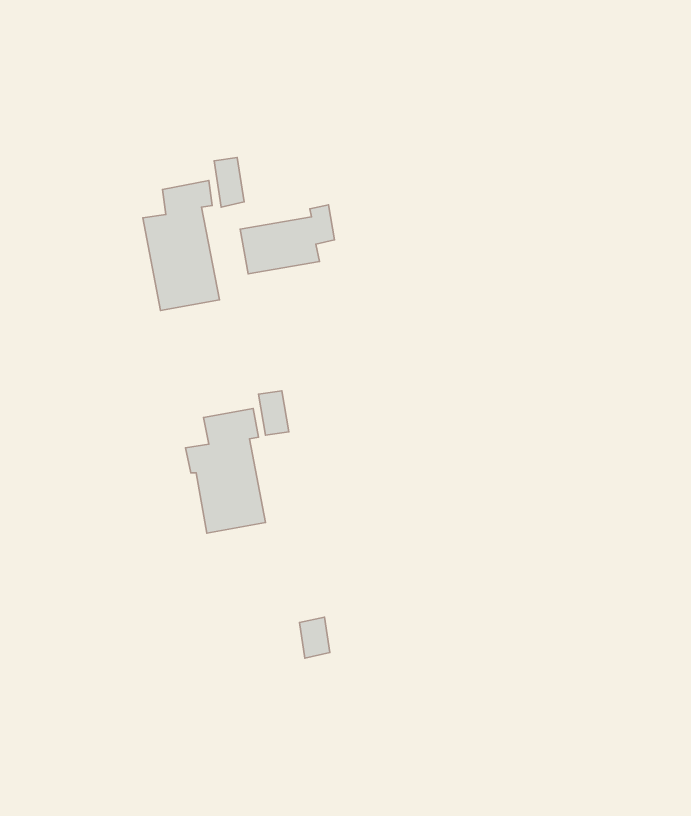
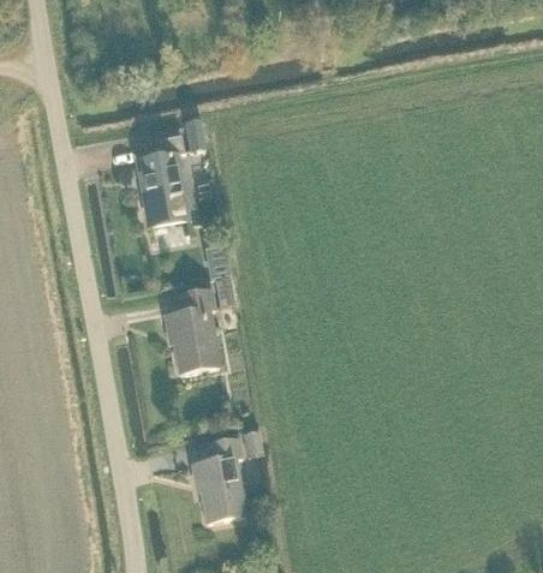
building: [240,205,335,274] -> none
building: none -> [193,436,245,521]

